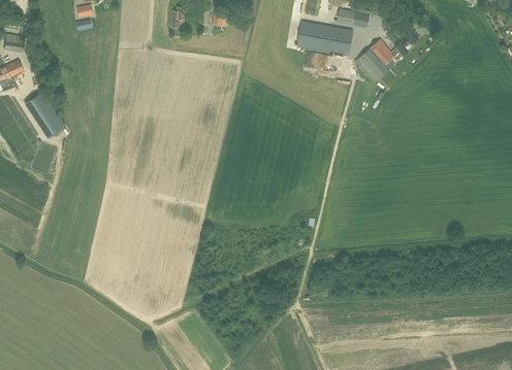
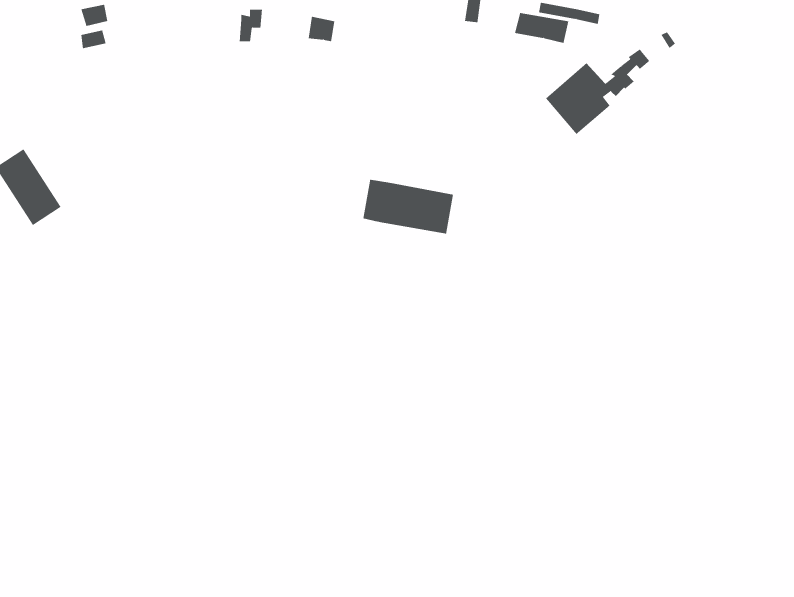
building: [297,21,352,54] -> [363,179,454,234]

